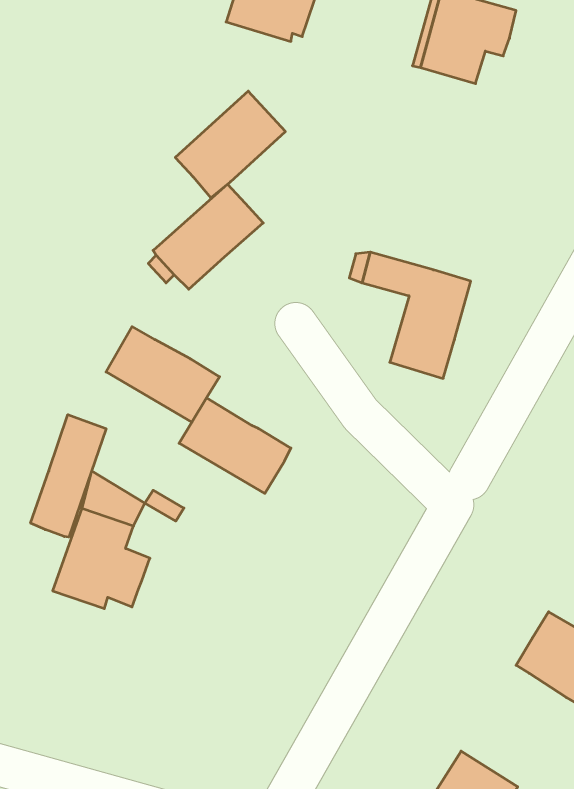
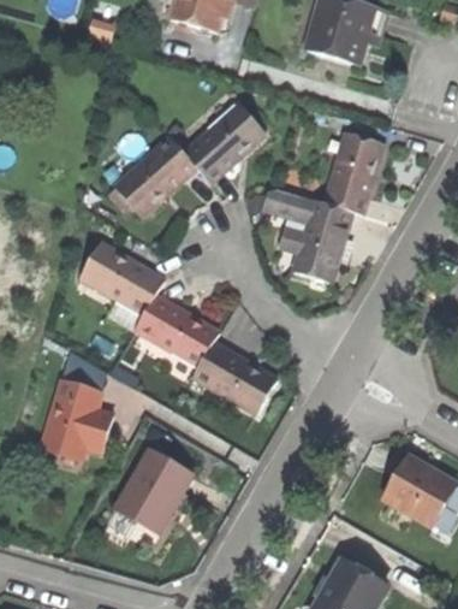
building: [175,91,285,198] -> [184,102,266,182]
building: none -> [323,132,381,212]
building: [31,415,106,537] -> none
building: none -> [192,343,276,414]
building: none -> [114,449,192,534]

